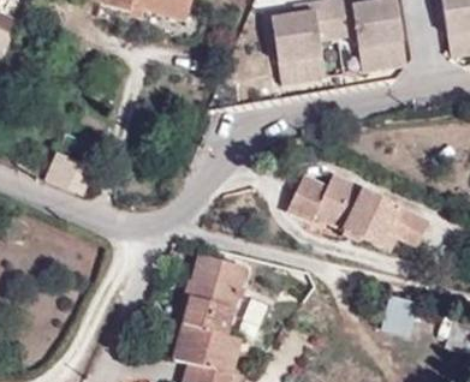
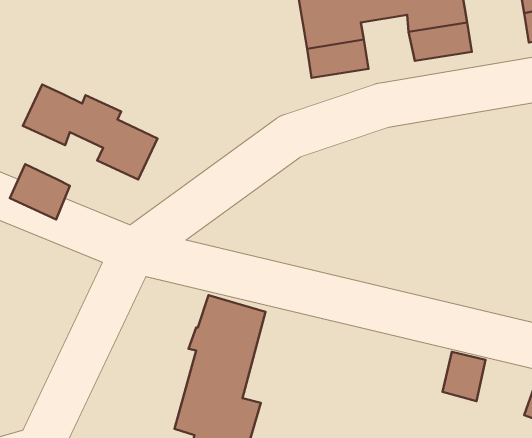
building: none -> [23,85,158,179]
building: [287,177,428,249] -> none

